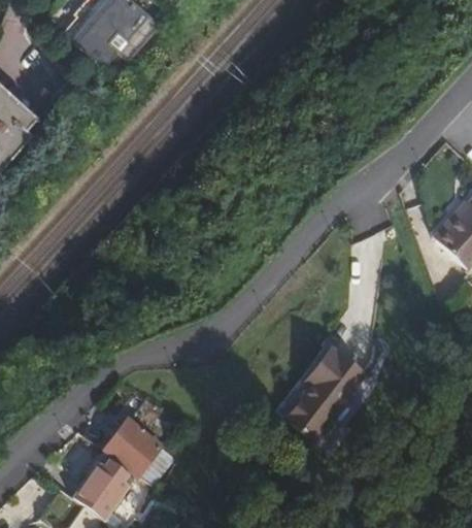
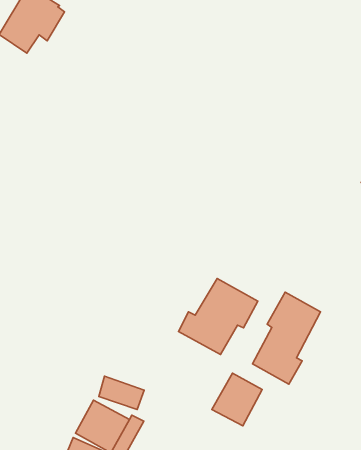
building: none -> [178,279,258,355]
building: none -> [212,373,262,426]

